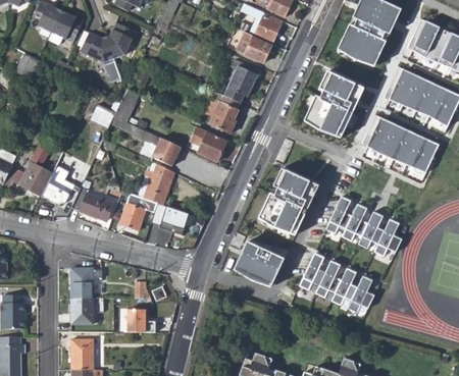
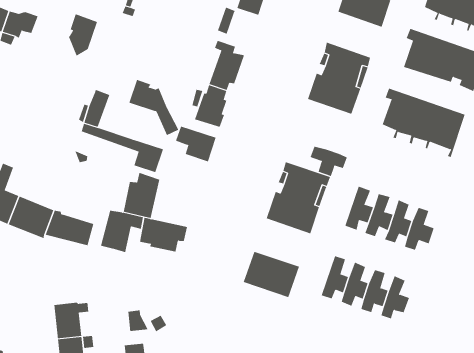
building: [81,33,121,84] -> [128,79,179,136]
building: [244,37,270,62] -> none
building: none -> [310,146,348,177]

